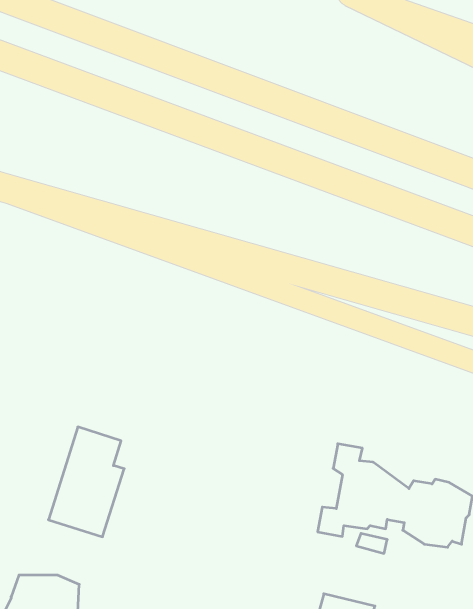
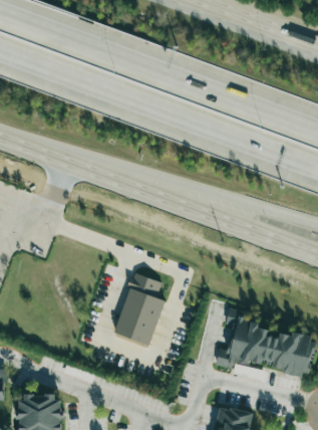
building: [48,427,124,537] -> [114,273,164,345]

